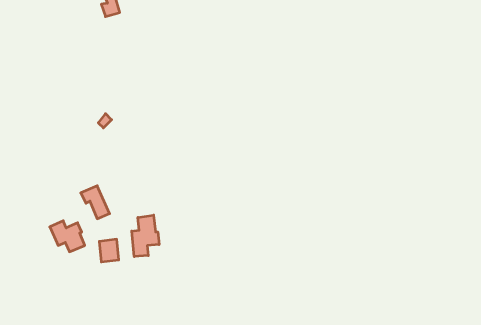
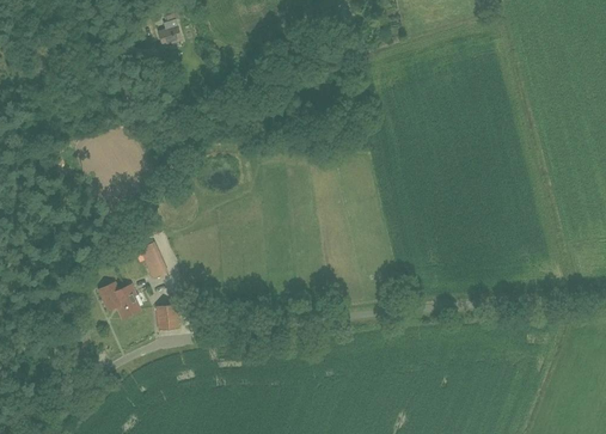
building: [132,215,159,257] -> none

